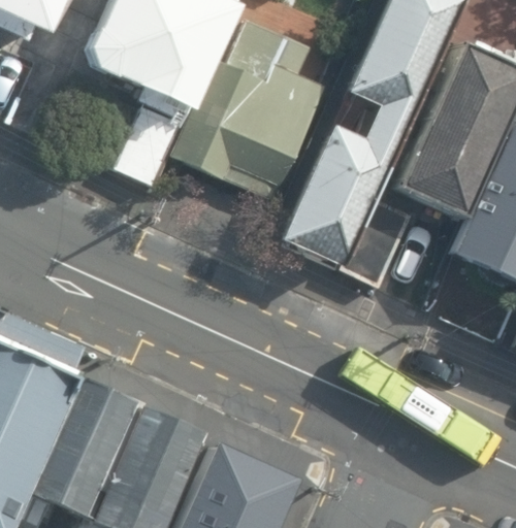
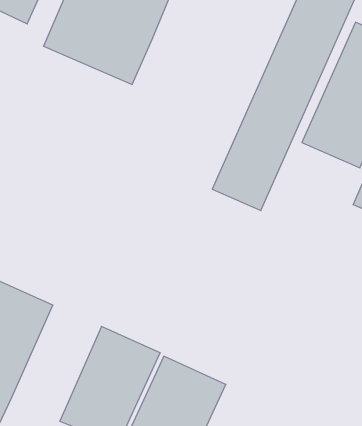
building: [168,16,320,198] -> none
building: [40,381,150,521] -> none

